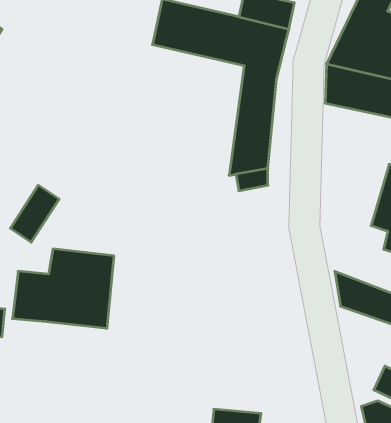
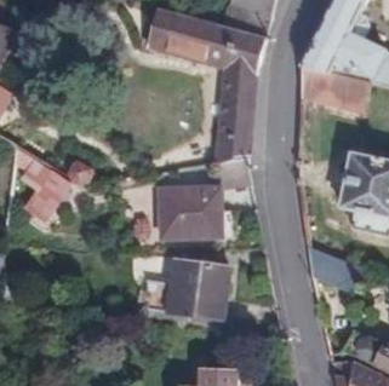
building: none -> [162,185,222,234]
building: [12,249,114,328] -> [141,258,229,327]

